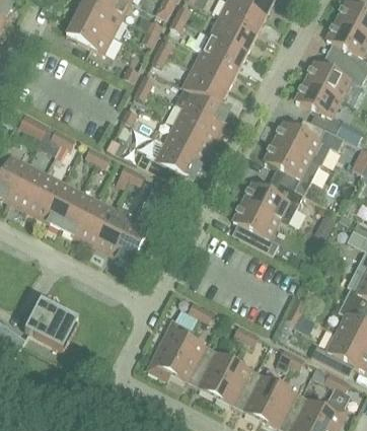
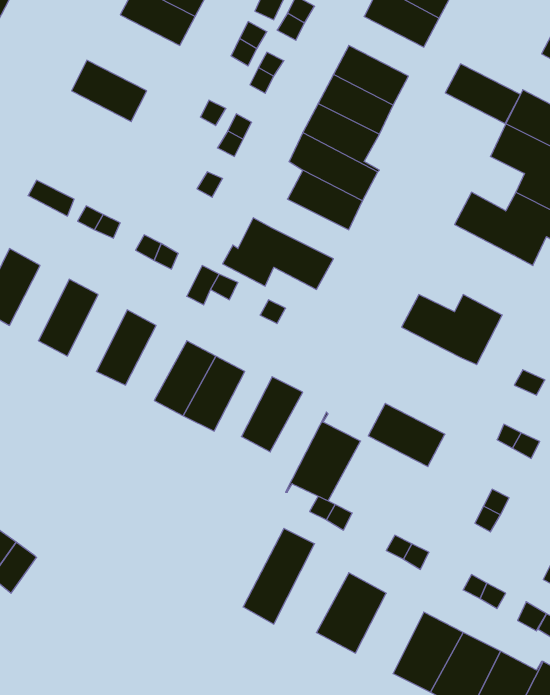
building: [66,16,111,53] -> [72,60,147,122]
building: [211,17,255,53] -> [445,64,520,124]
building: [165,126,211,161] -> none
building: [264,141,310,195] -> none
building: [9,165,45,210] -> none
building: [44,183,79,228] -> none
building: [78,201,115,245] -> [241,377,303,452]
building: [232,202,278,239] -> [368,403,445,467]
building: [26,305,78,351] -> none
building: [166,331,211,383] -> [286,412,361,501]
building: [215,360,255,408] -> none

